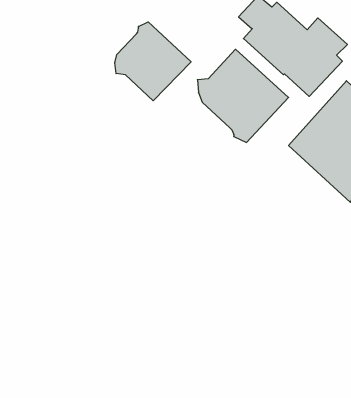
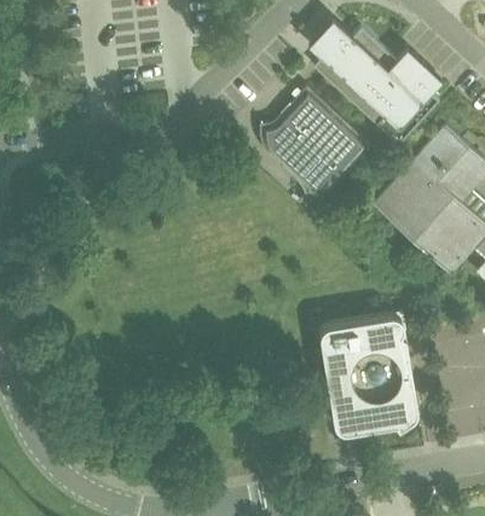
building: [115,22,191,101] -> none
building: none -> [321,313,417,431]

